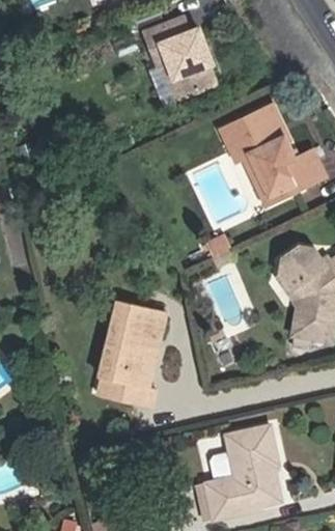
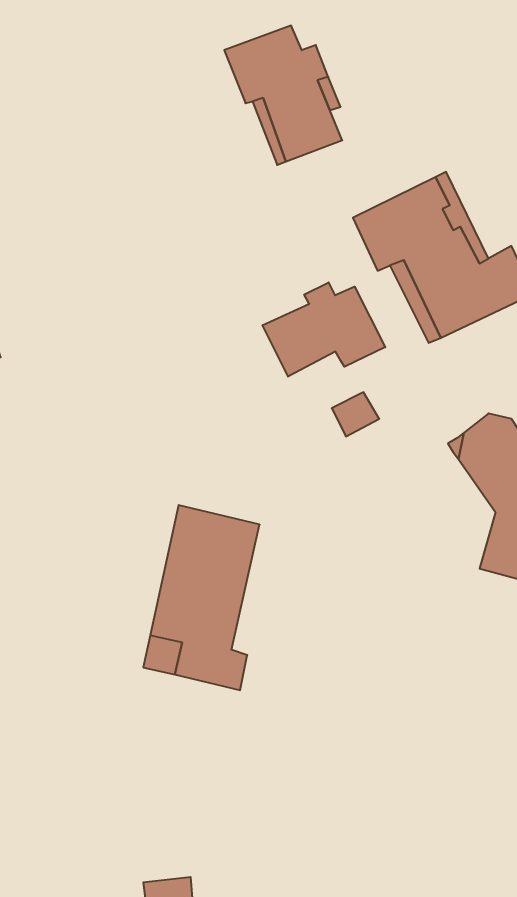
building: none -> [262,282,385,377]
building: [205,425,281,521] -> none

